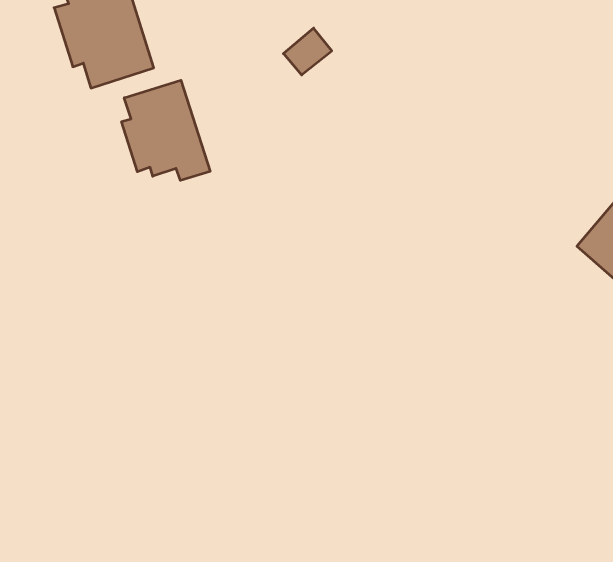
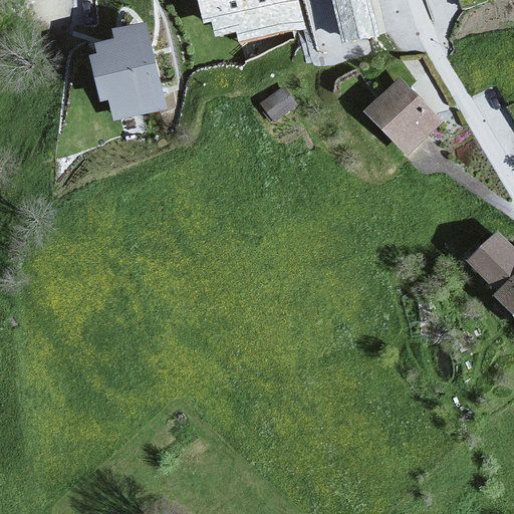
building: none -> [363,79,441,157]
building: [122,80,210,180] -> none

